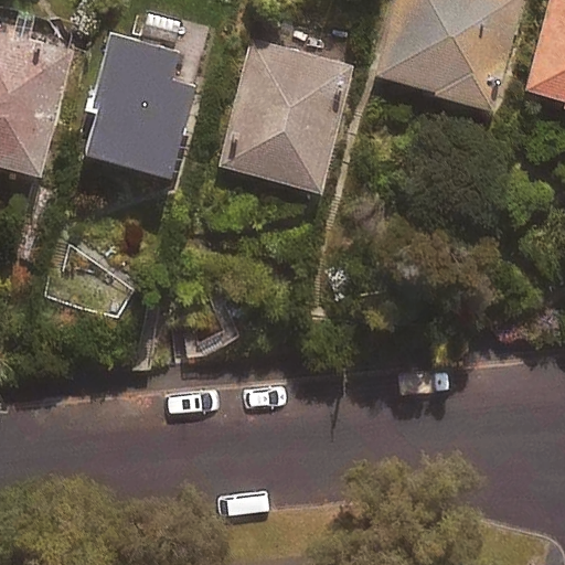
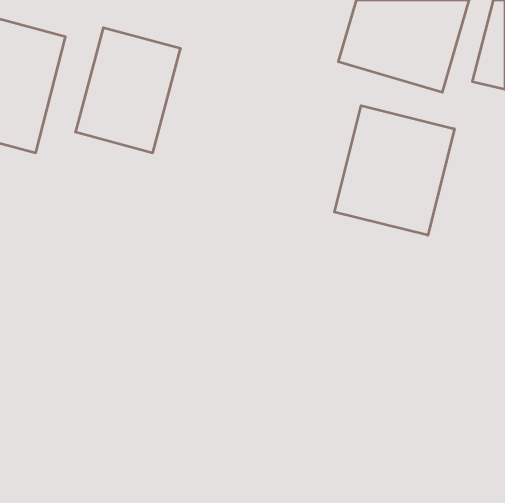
building: [224,41,352,192] -> none
building: none -> [334,106,454,235]

